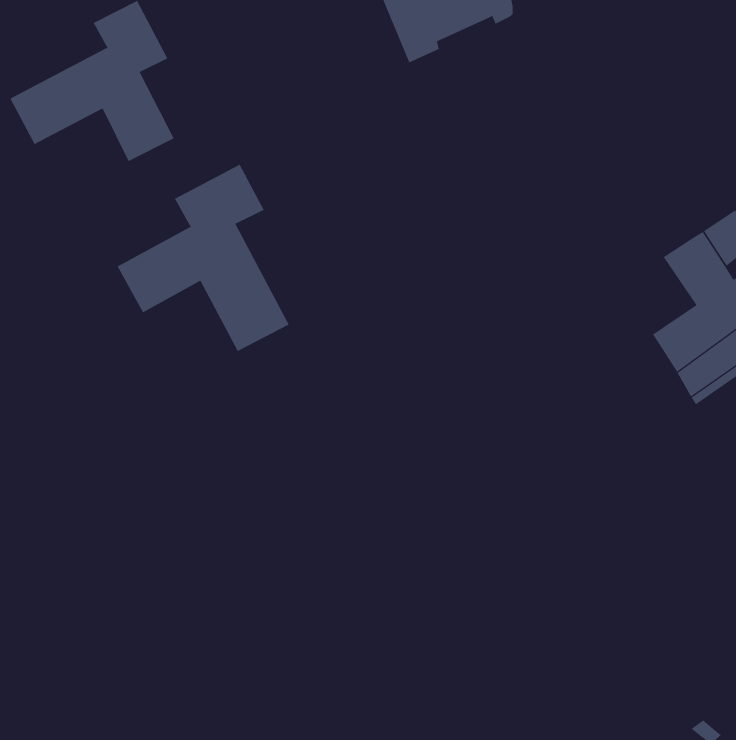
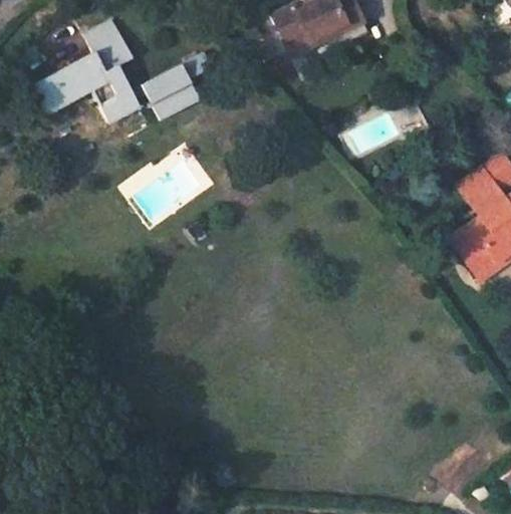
building: none -> [143,66,201,120]
building: [117,164,289,352] -> none

